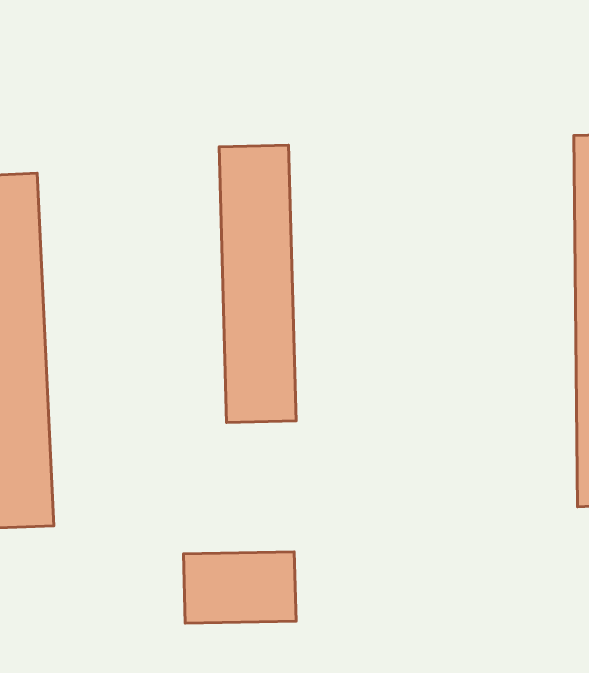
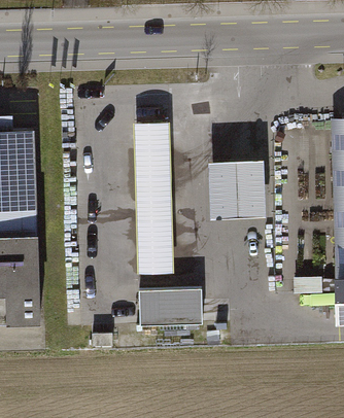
building: none -> [210,154,269,213]
building: [183,552,296,623] -> [142,283,204,322]

